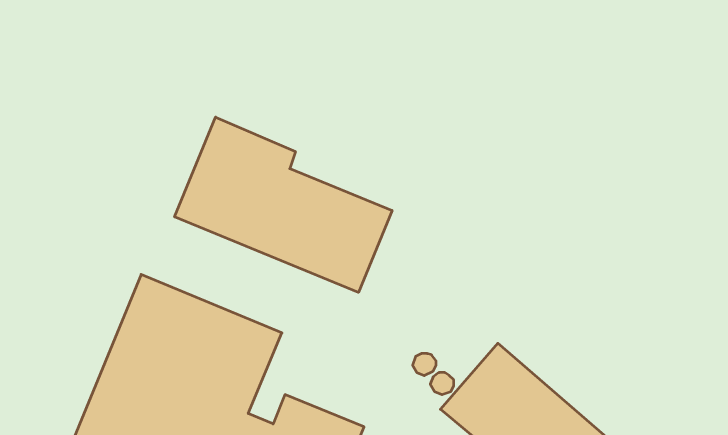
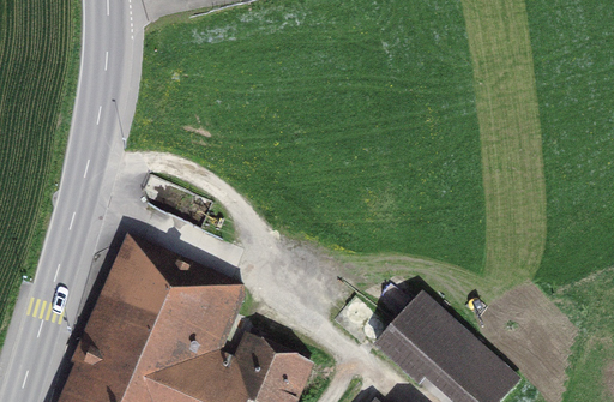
building: [175,117,392,292] -> none

